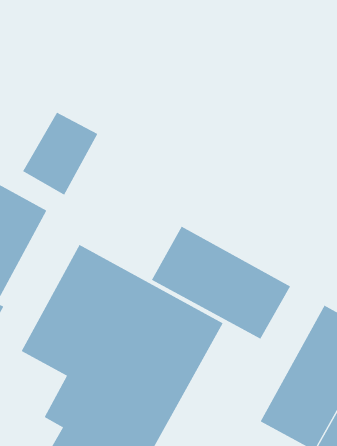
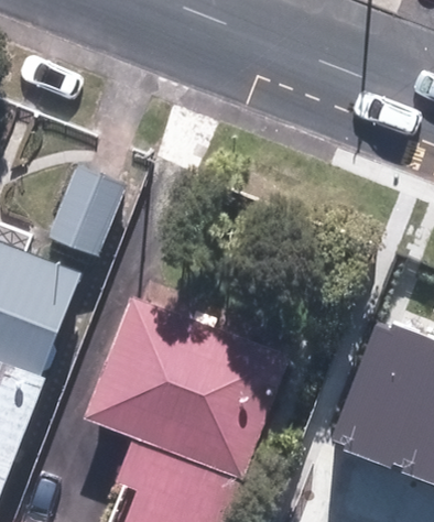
building: [151,226,291,339] -> none

